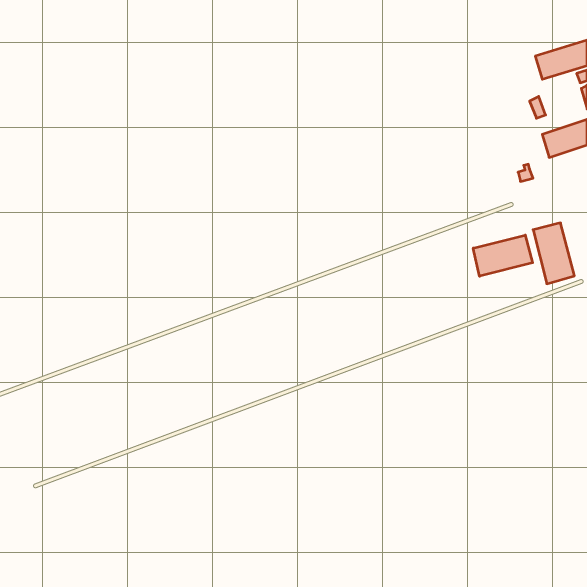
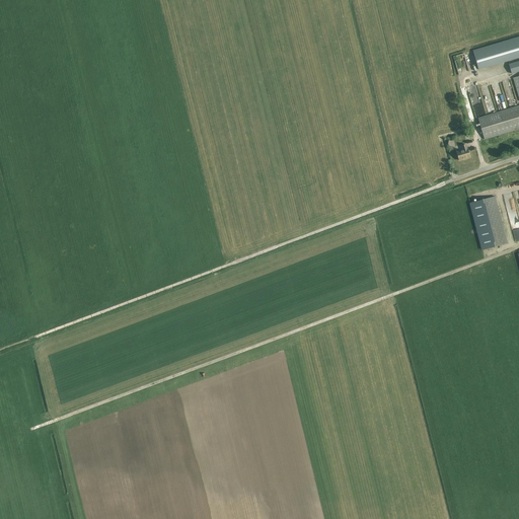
building: [473,235,533,276] -> none

